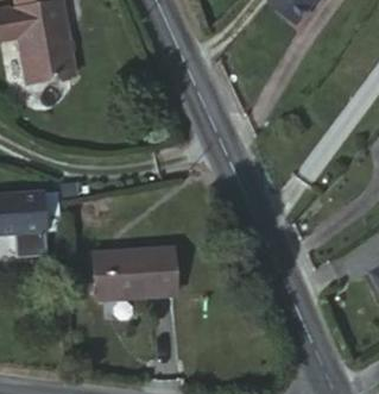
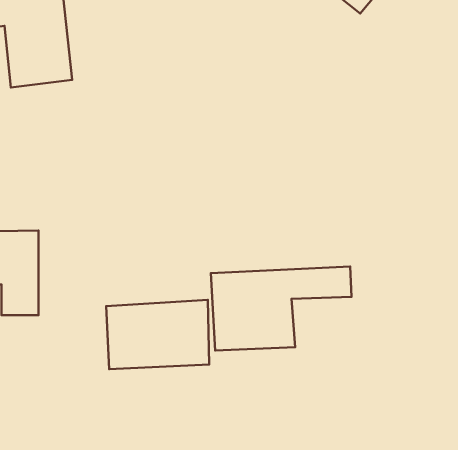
building: none -> [211,266,351,351]

